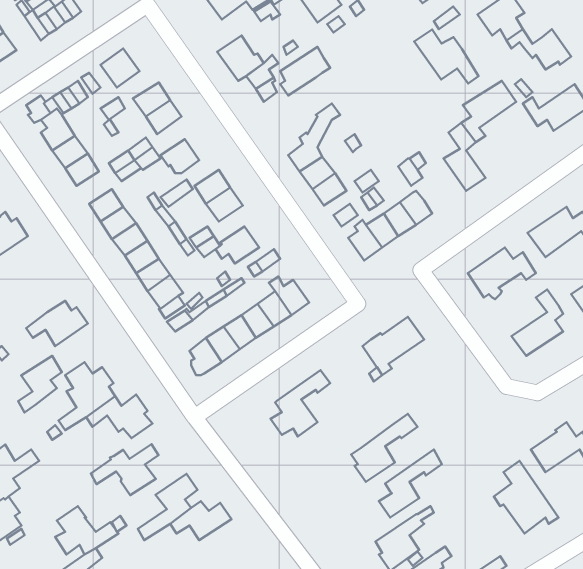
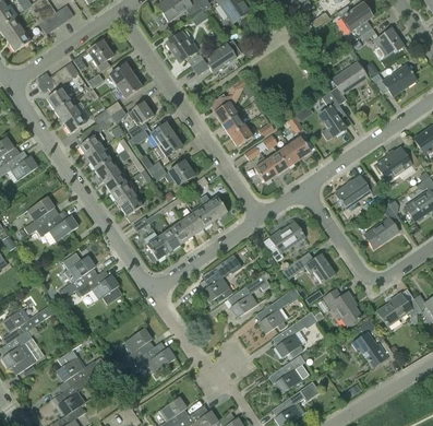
building: [414,30,479,83] -> none
building: [18,356,62,413] -> [25,196,55,234]
building: none -> [282,251,336,282]
building: none -> [228,273,270,317]
building: none -> [324,287,361,324]
building: [91,444,159,495] -> none

